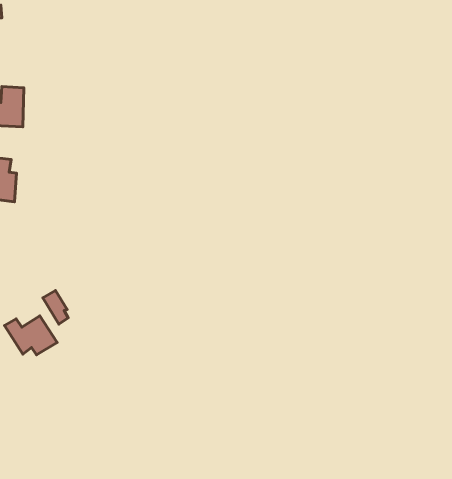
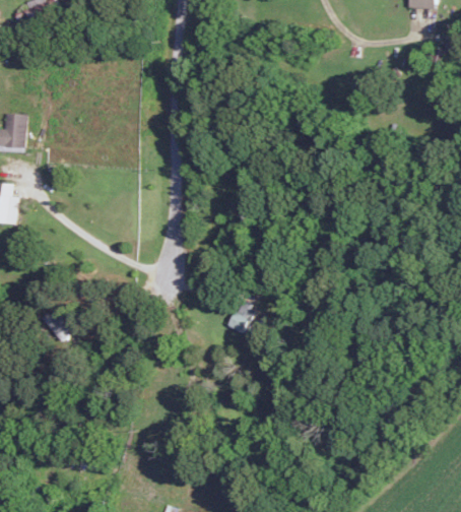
building: none -> [228,301,257,334]
building: [5,316,57,355] -> none

